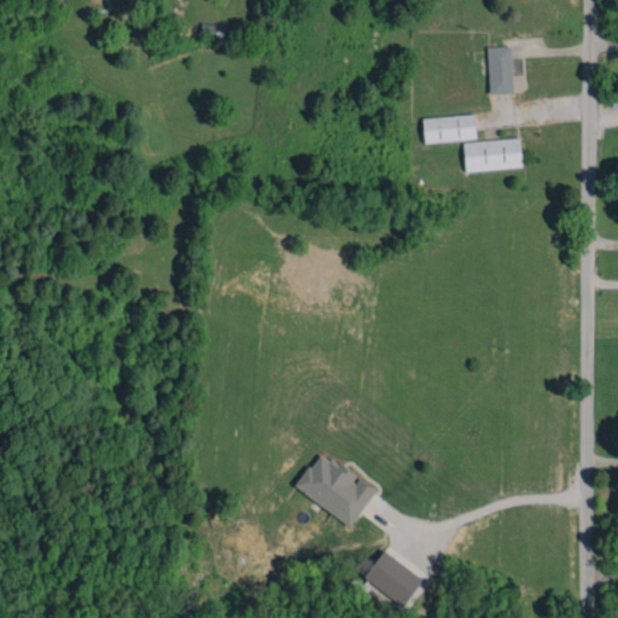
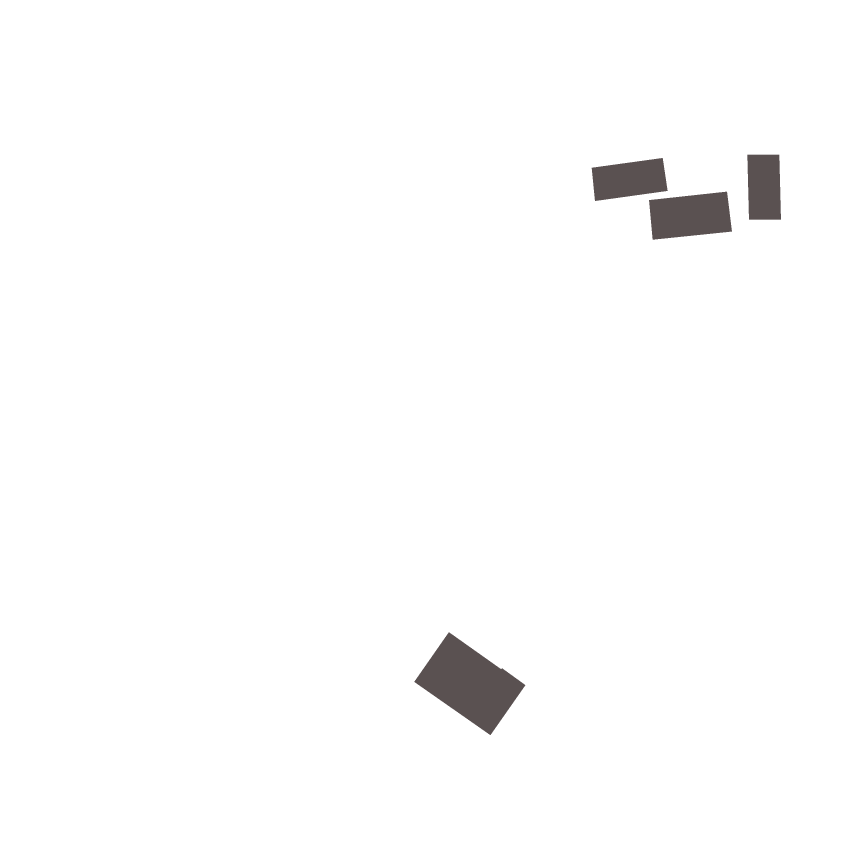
building: [486,47,512,94] -> [746,154,782,220]
building: [363,550,422,607] -> none

